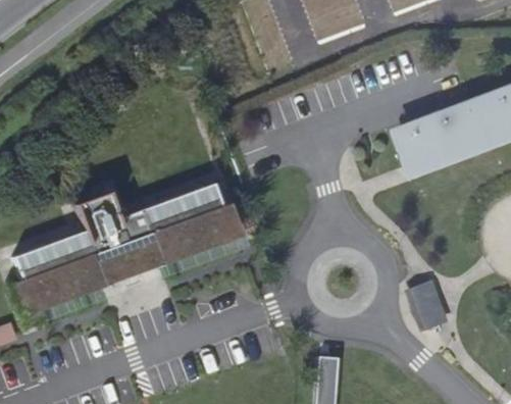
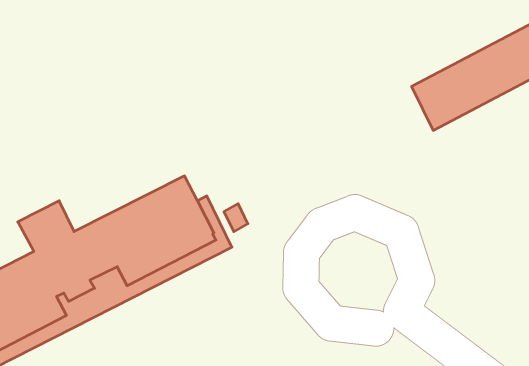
building: [410,277,446,323] -> none

